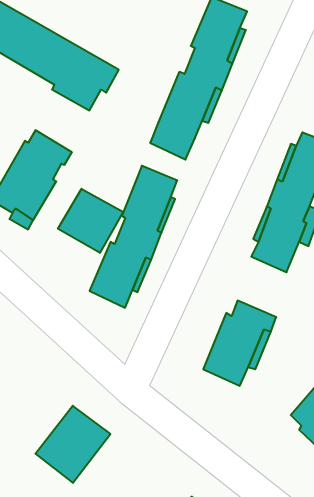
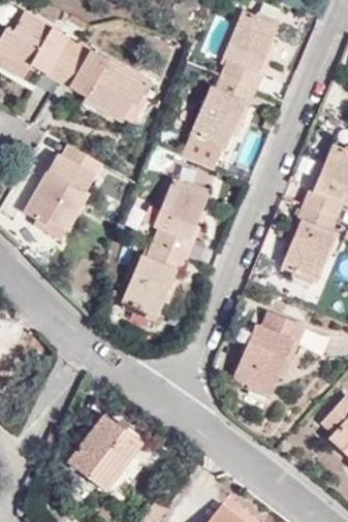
building: [58,189,123,253] -> none

